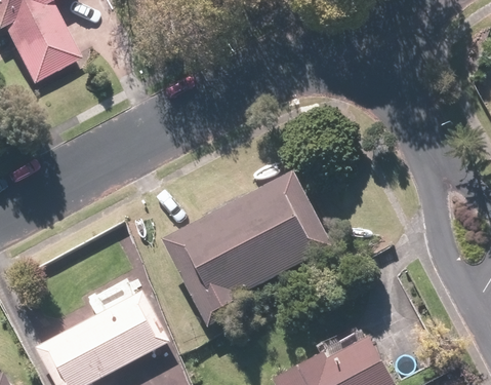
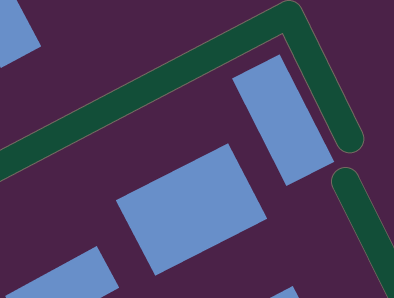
building: none -> [231,53,335,187]

